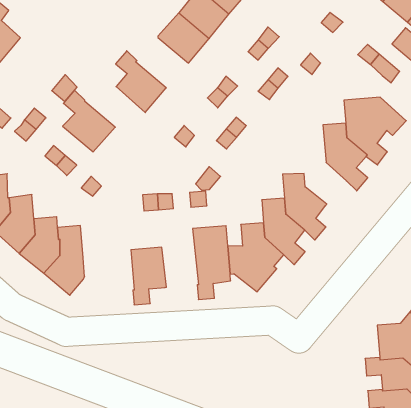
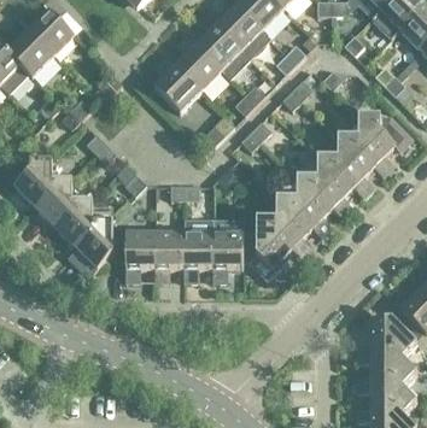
building: [63,90,115,152] -> [174,35,221,92]
building: none -> [316,157,353,218]
building: none -> [183,219,214,283]
building: none -> [111,234,156,283]

